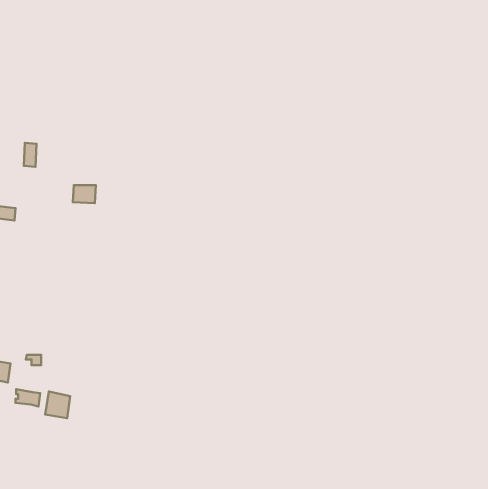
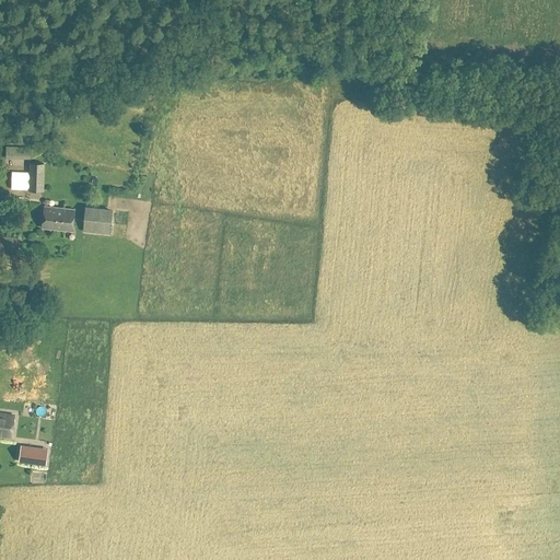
building: none -> [39,206,72,231]
building: [45,392,70,418] -> none

